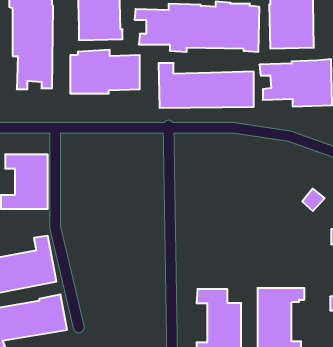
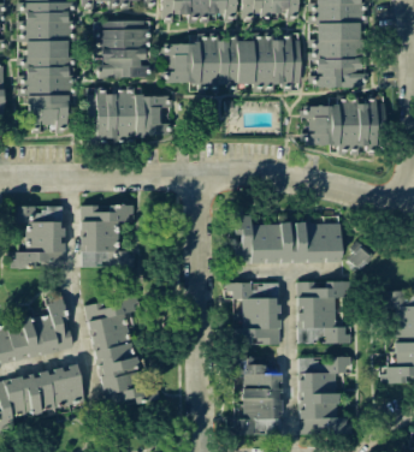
building: [159,63,254,108] -> [233,213,341,263]
building: none -> [81,206,134,267]
building: none -> [297,281,348,343]
building: none -> [225,282,280,344]
building: none -> [85,296,158,409]

